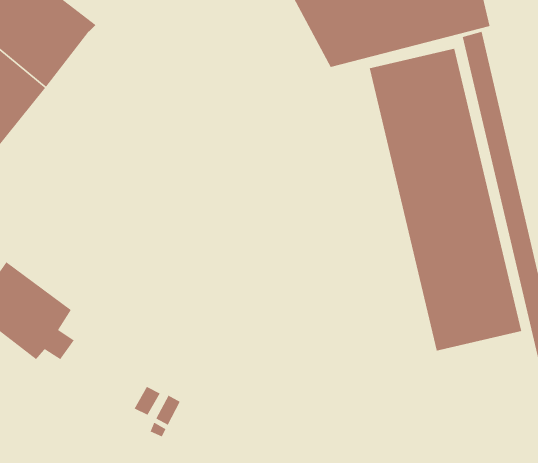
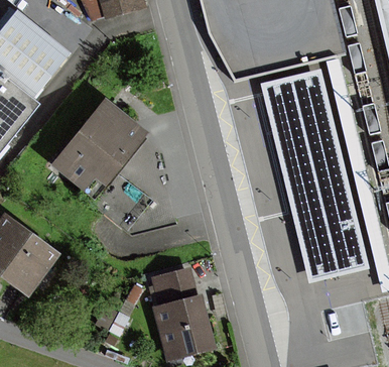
building: none -> [58,103,141,191]
building: none -> [154,267,213,352]

